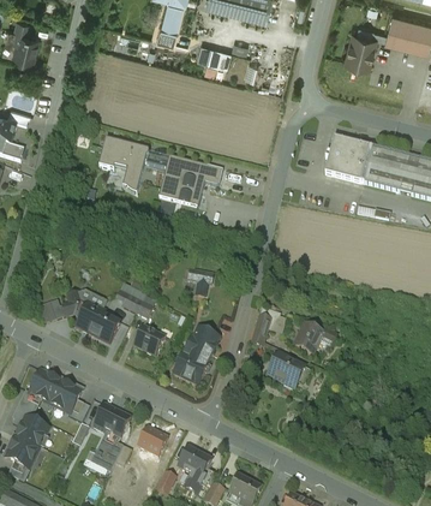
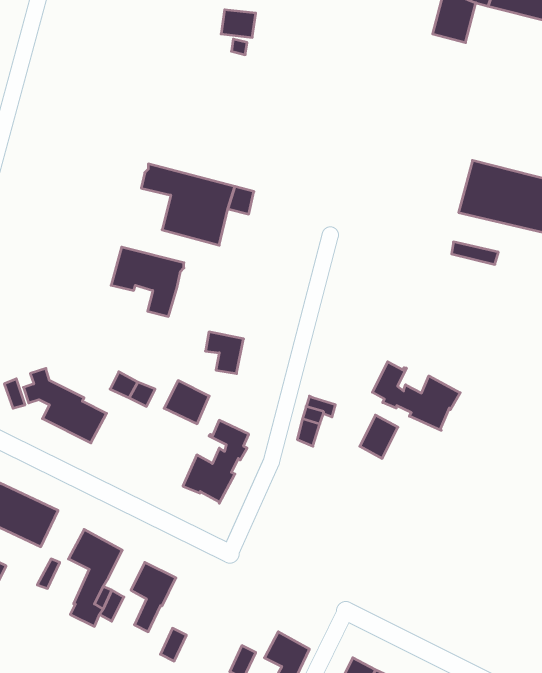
building: [324,136,372,183] -> none
building: [97,138,148,186] -> [111,247,184,316]
building: none -> [372,362,460,430]
building: [132,325,163,355] -> [164,381,209,424]
building: [268,353,304,388] -> none
building: [176,447,210,478] -> none

